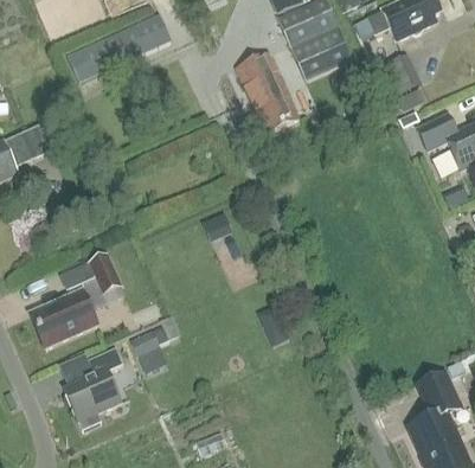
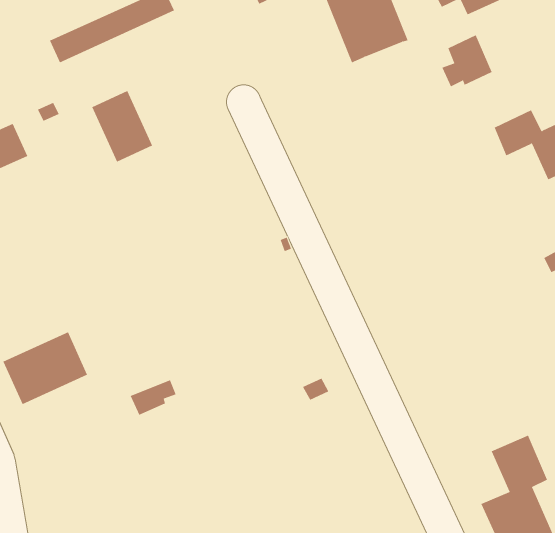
building: [237,51,299,129] -> none
building: none -> [91,90,153,162]
building: [60,251,123,294] -> none
building: [63,347,122,428] -> none

